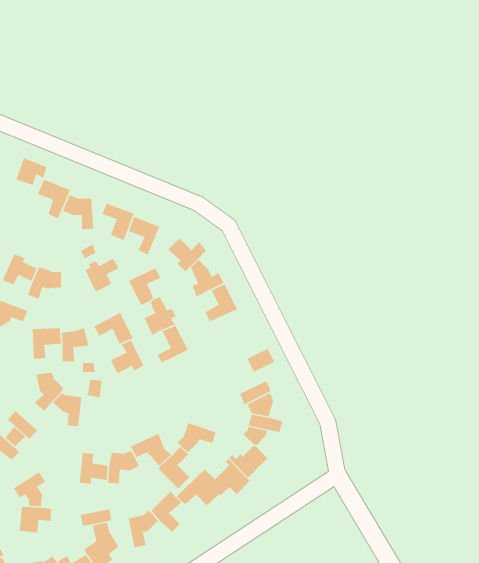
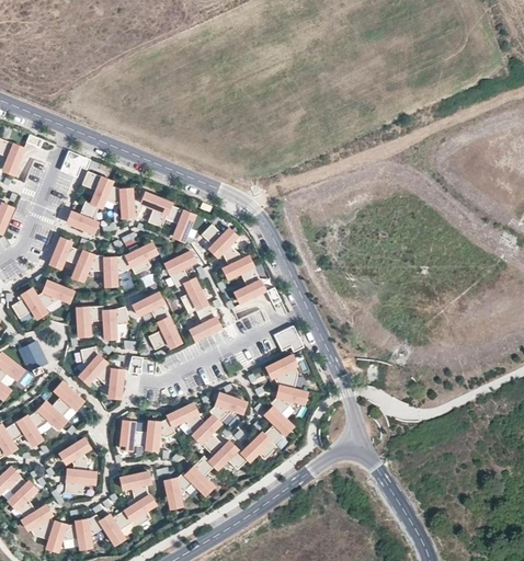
building: none -> [67,202,99,233]
building: none -> [104,254,132,286]

